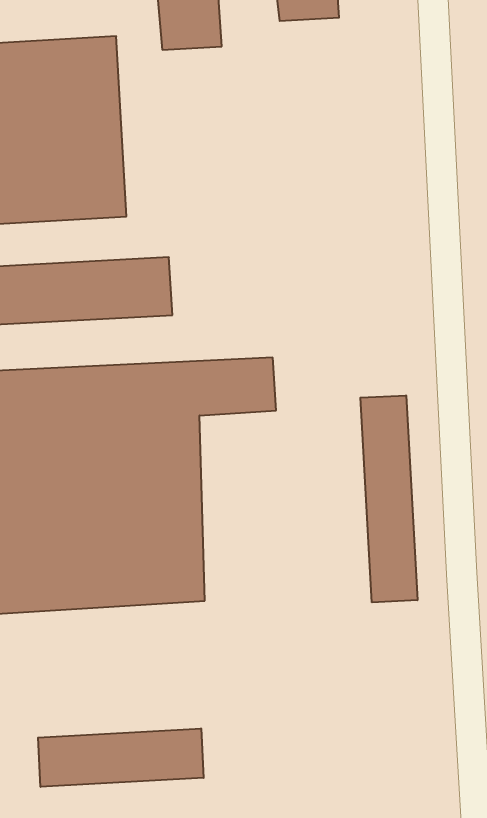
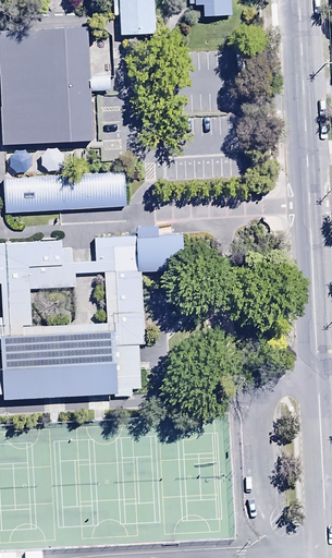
building: [360,395,417,602] -> none
building: [38,728,204,787] -> none

